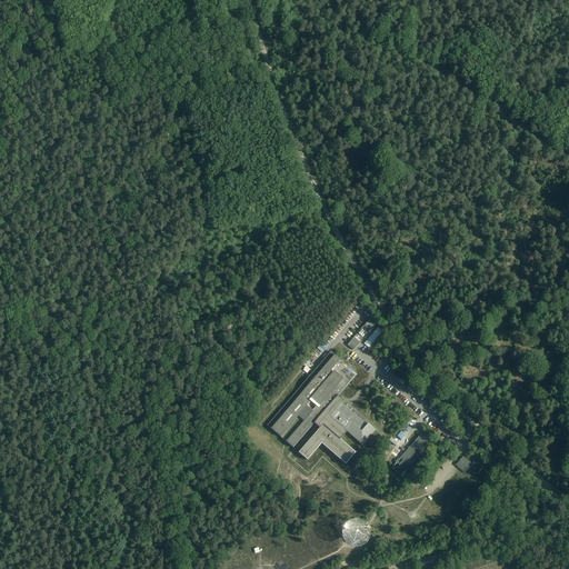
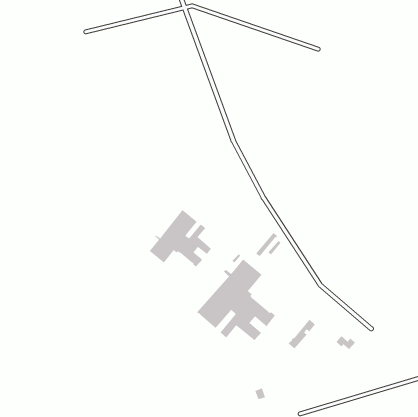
building: none -> [149,209,212,268]

